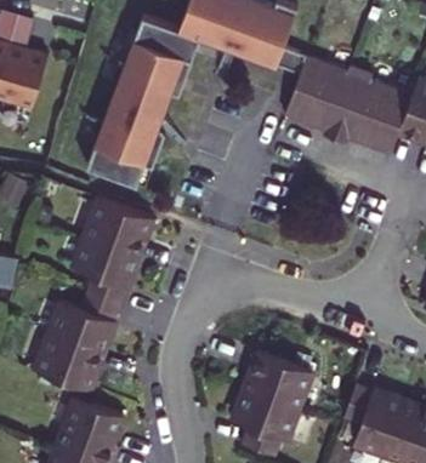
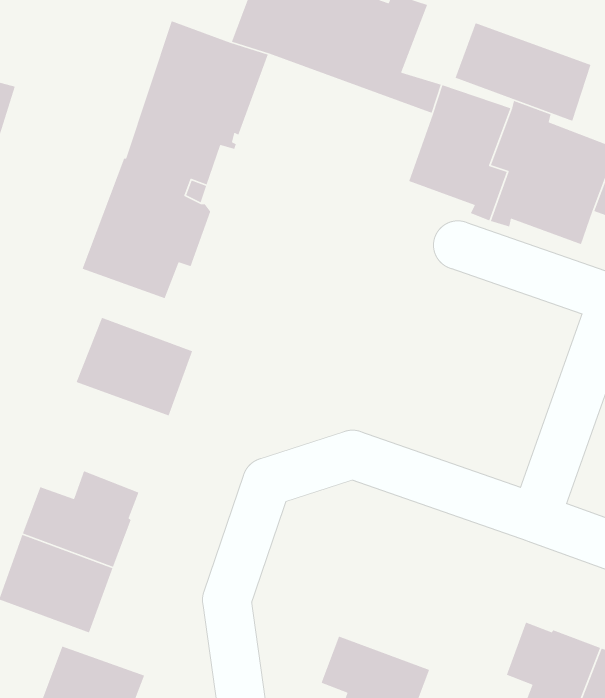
building: none -> [455,22,591,122]
building: [73,238,140,304] -> none
building: [243,351,313,412] -> none

